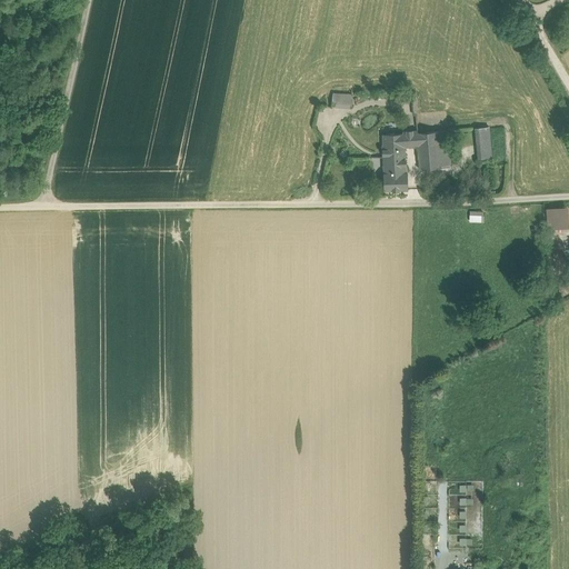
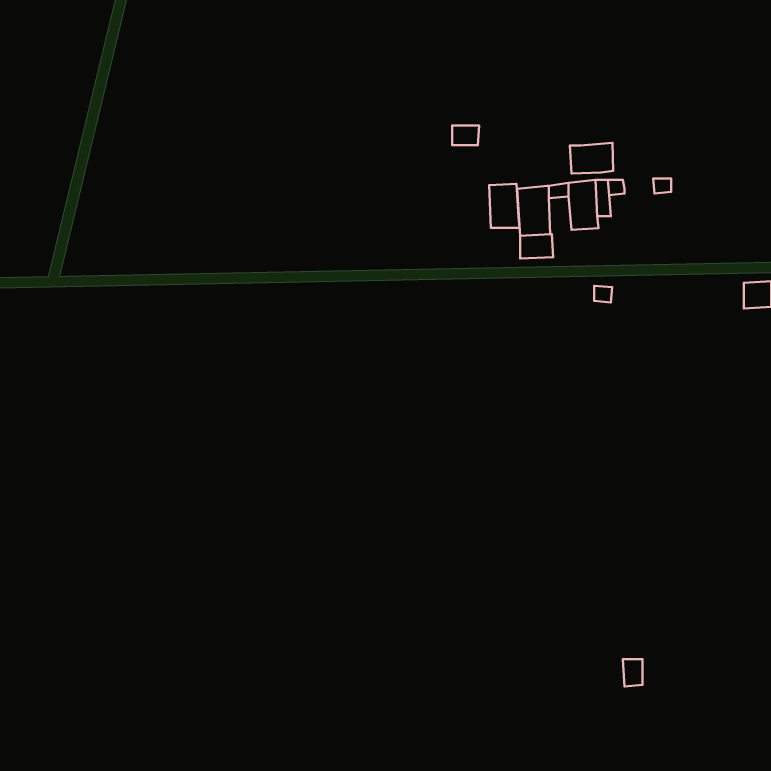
building: none -> [570,143,613,173]
building: none -> [489,184,520,228]

